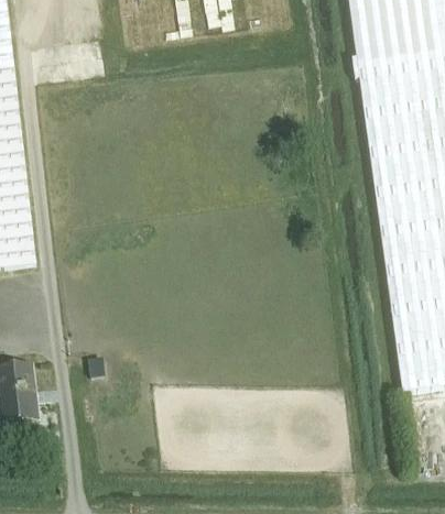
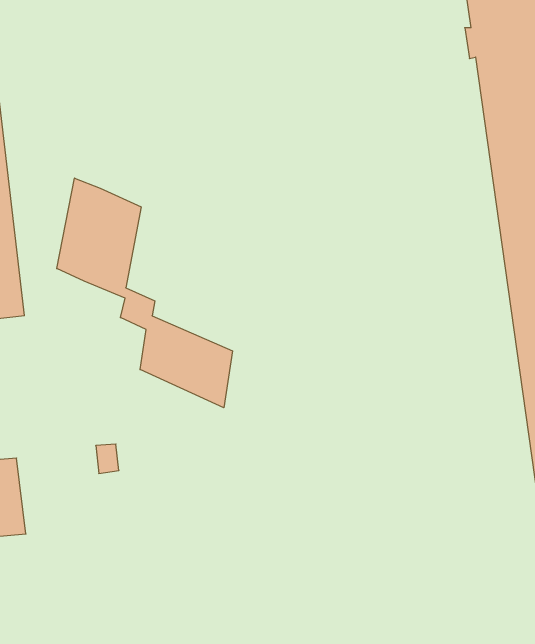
building: none -> [57,178,233,408]

